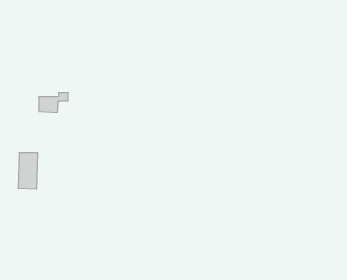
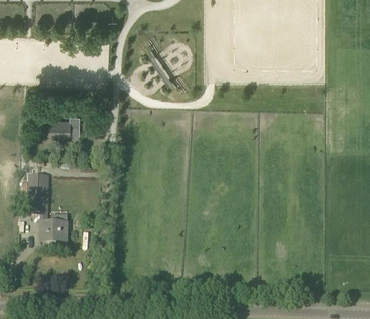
building: none -> [39,226,66,246]

